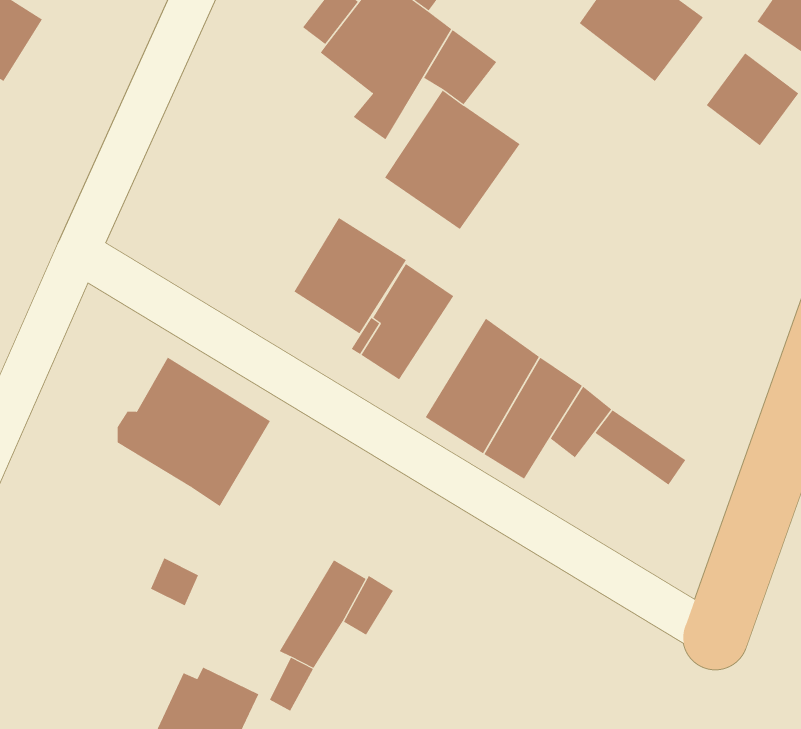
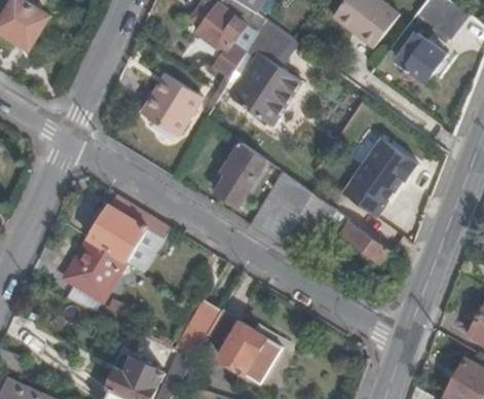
building: [294,217,407,334] -> [142,75,201,137]
building: none -> [341,138,415,216]
building: none -> [63,239,126,301]
building: none -> [218,322,281,382]

